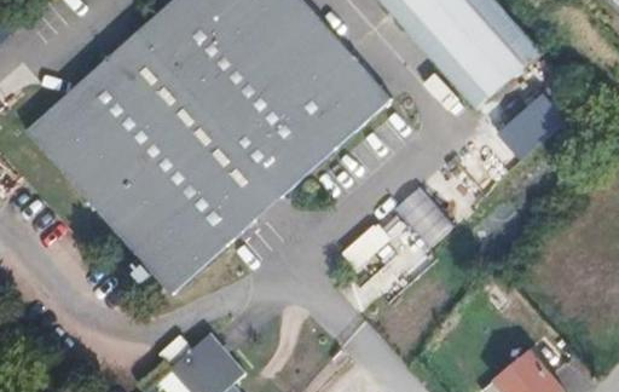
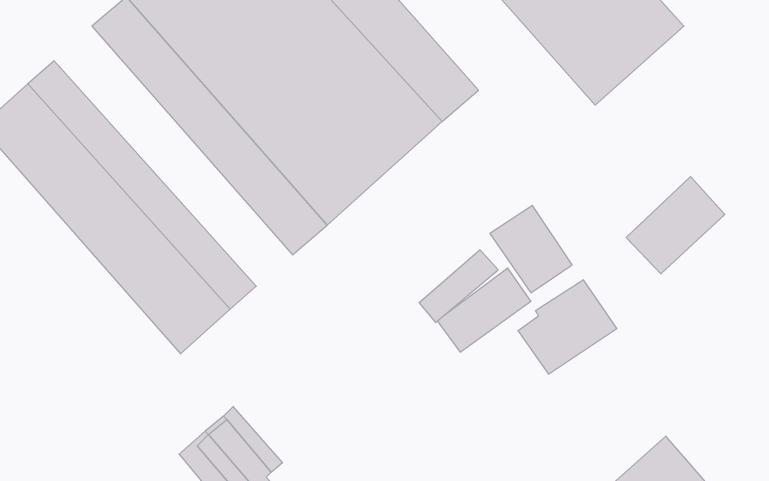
building: [79,52,254,243] -> none
building: [502,91,574,162] -> [626,177,725,274]
building: none -> [518,280,617,374]

